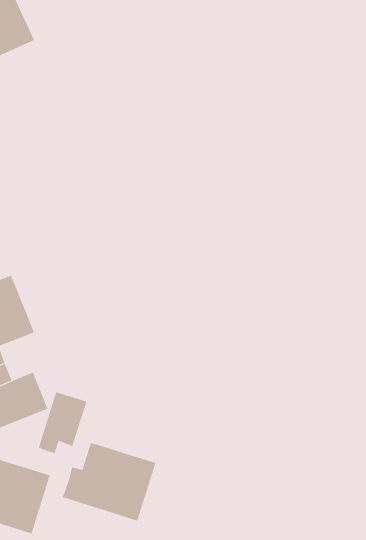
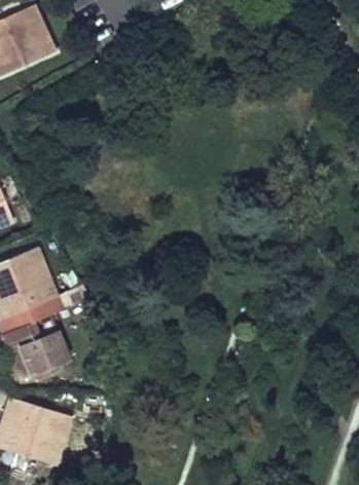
building: [38,392,87,454] -> none
building: [62,442,156,521] -> none

